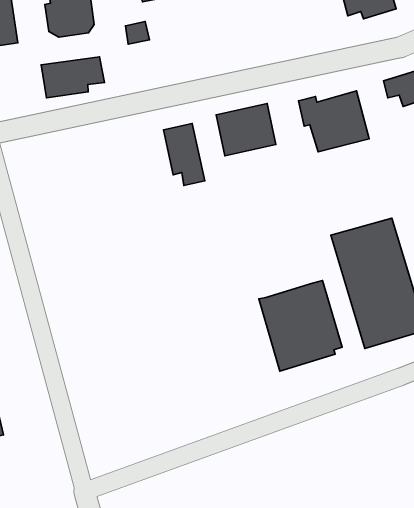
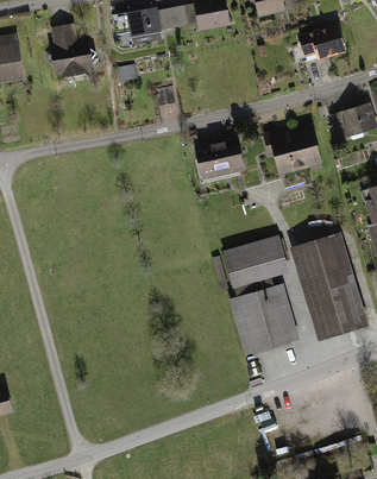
building: [41,57,105,98] -> none
building: [164,123,205,186] -> none
building: none -> [221,234,288,297]

